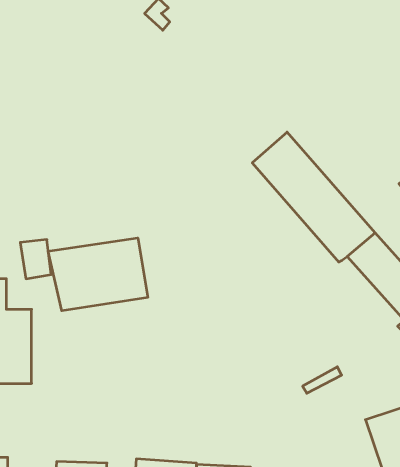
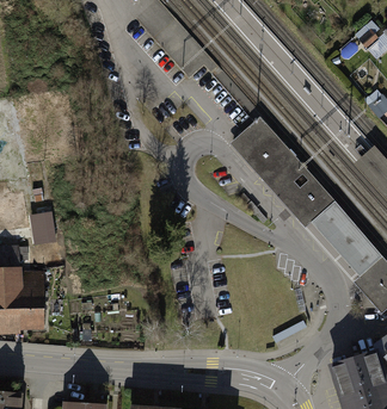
building: [48,238,148,311] -> none

